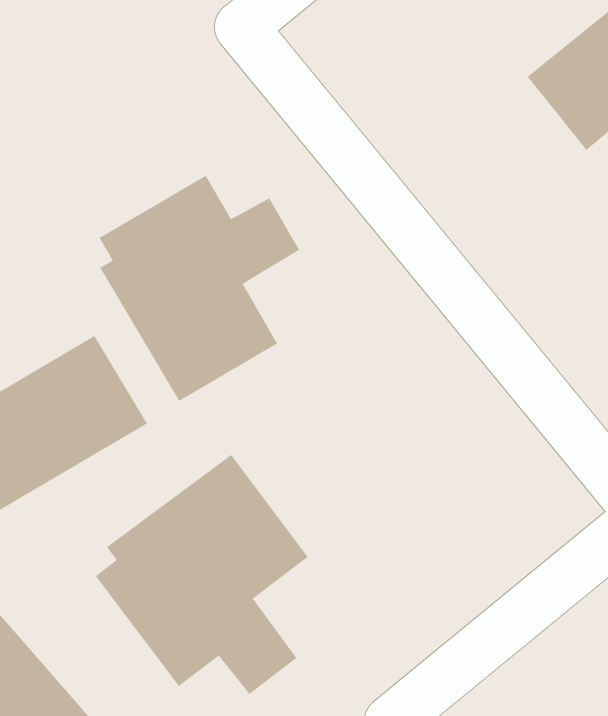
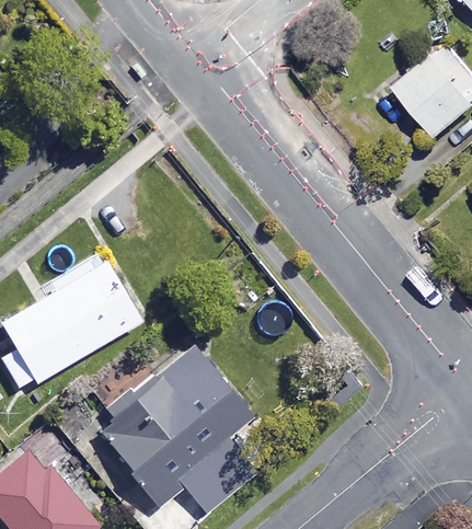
building: [99,175,300,402] -> none

